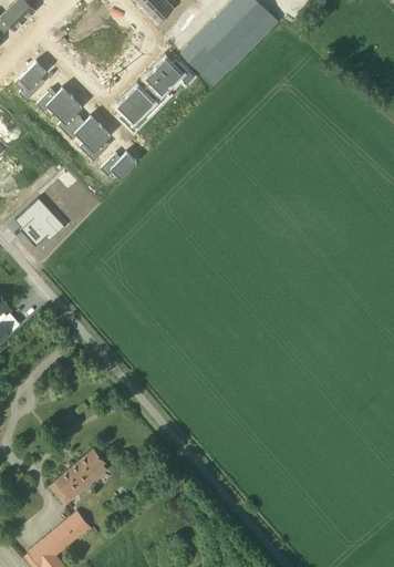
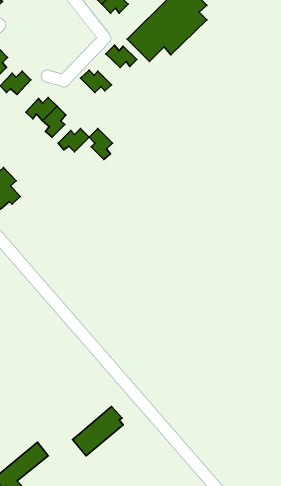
building: [146,68,173,103] -> none
building: [117,95,144,131] -> [89,129,112,160]
building: [55,97,81,134] -> none
building: [50,447,107,504] -> [72,406,123,456]

